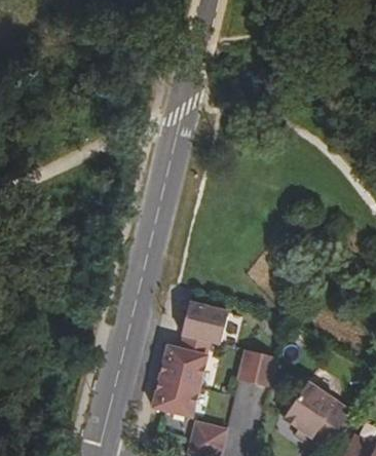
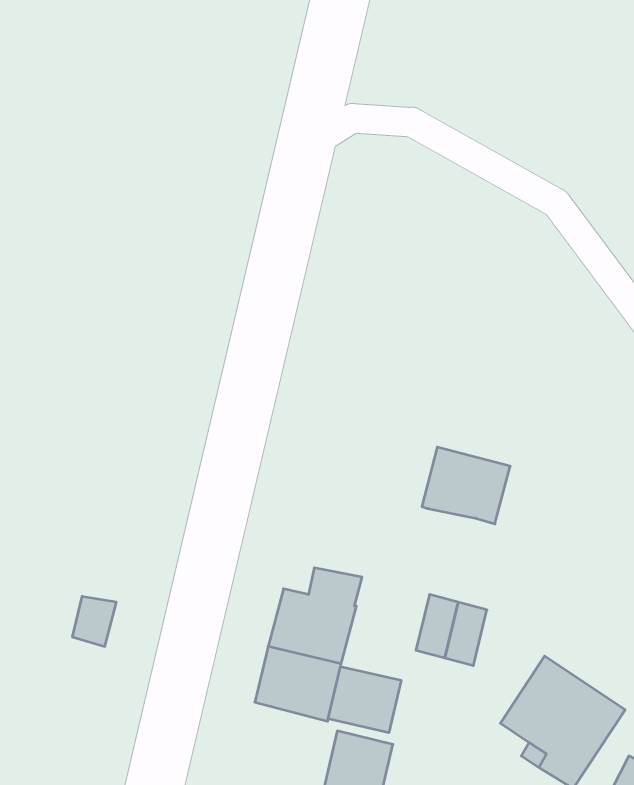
building: [181,301,228,342] -> [422,447,510,524]
building: none -> [328,666,401,733]

